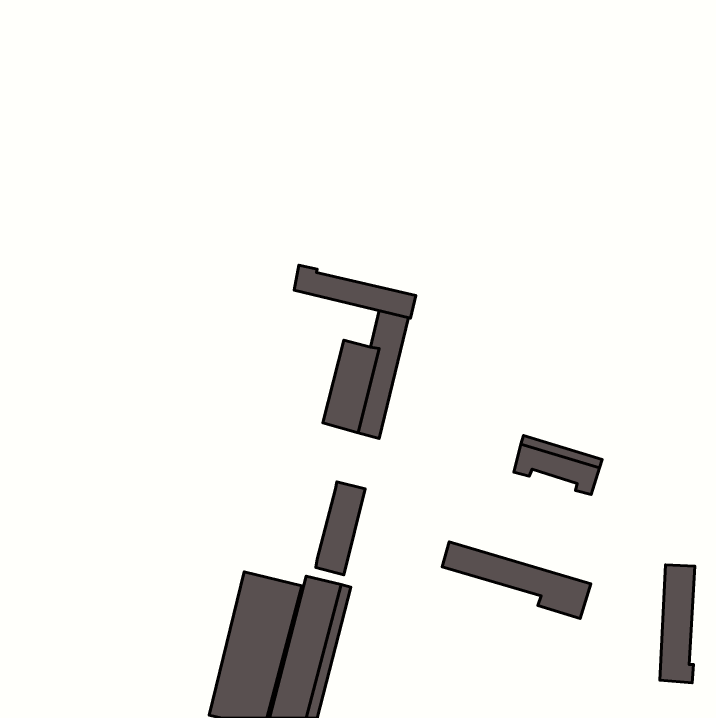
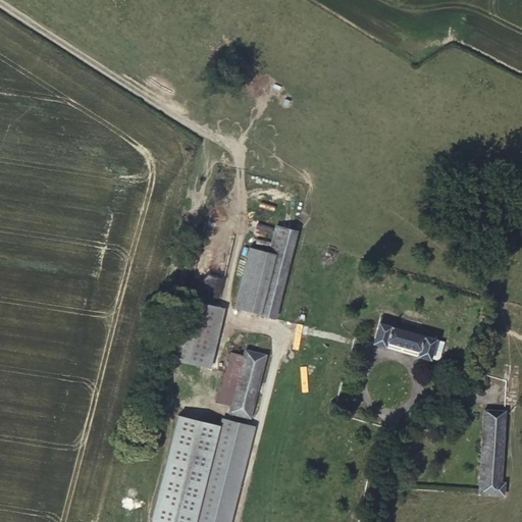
building: [294,265,416,318] -> none
building: none -> [176,306,224,372]
building: none -> [218,352,245,406]
building: [442,542,591,619] -> none

